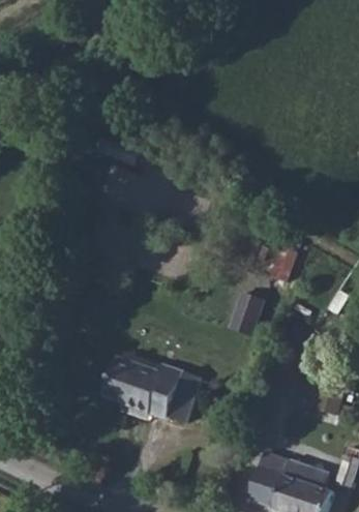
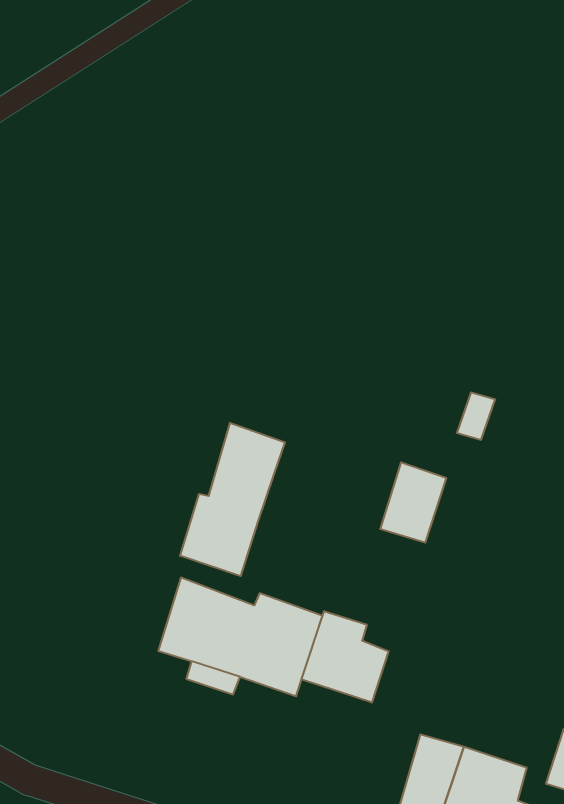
building: none -> [180,423,285,576]
building: none -> [302,611,389,703]

